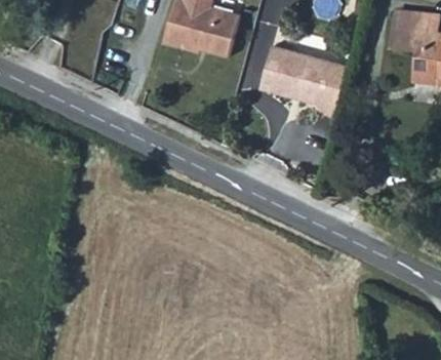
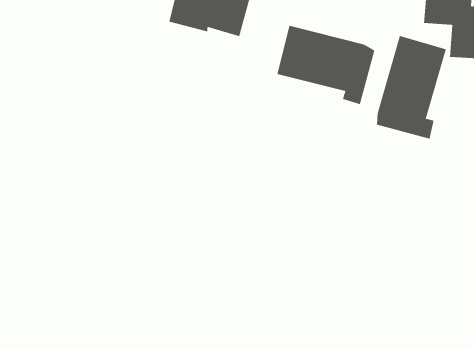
building: none -> [377,35,447,139]

